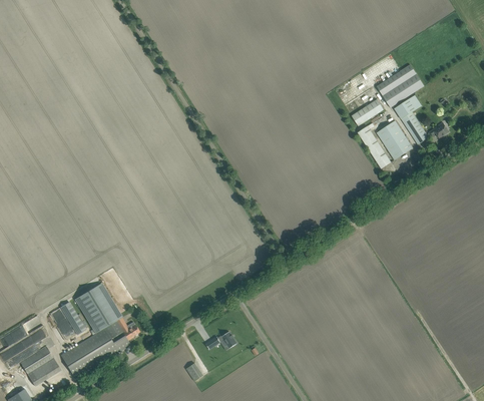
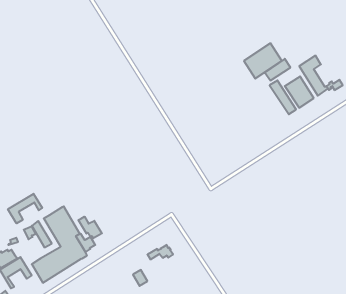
building: [376,63,423,107] -> [244,43,282,79]
building: none -> [8,194,42,223]
building: none -> [78,217,102,238]

